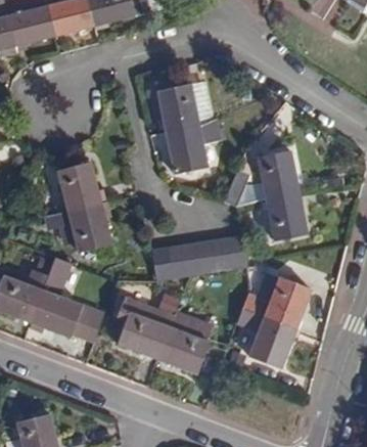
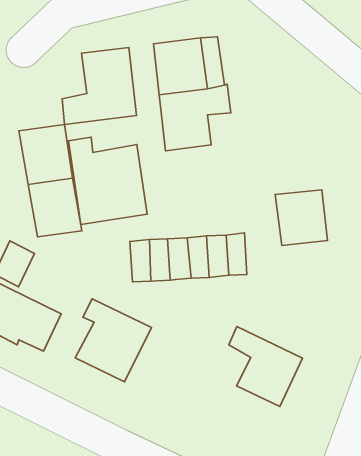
building: none -> [62,48,136,125]
building: [222,150,300,207] -> none
building: none -> [68,137,147,225]
building: [242,270,313,329] -> none
building: [157,314,212,375] -> none

